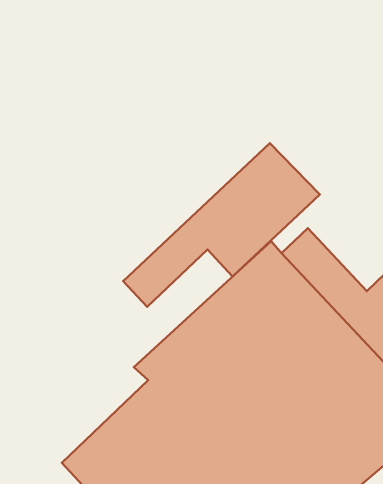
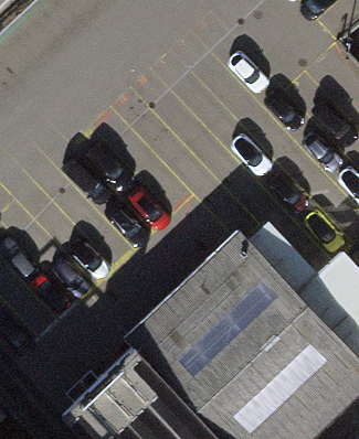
building: [123,143,320,307] -> none

